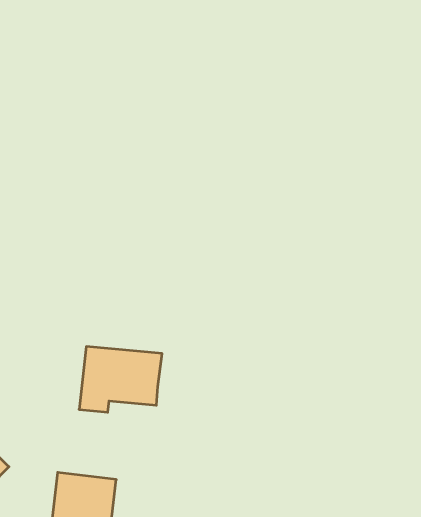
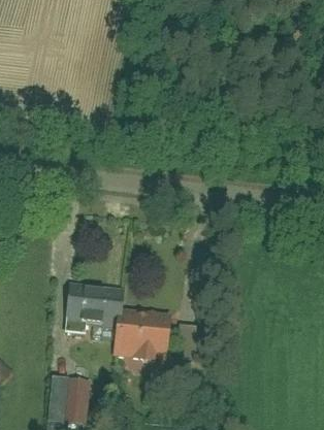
building: none -> [116,308,173,360]

